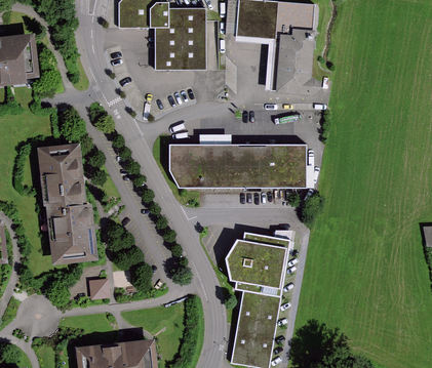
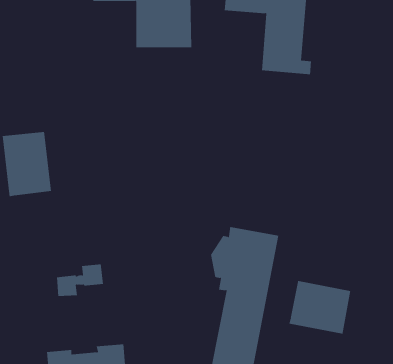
building: [166,145,304,189] -> none
building: [49,200,94,259] -> none
building: none -> [289,280,351,335]

